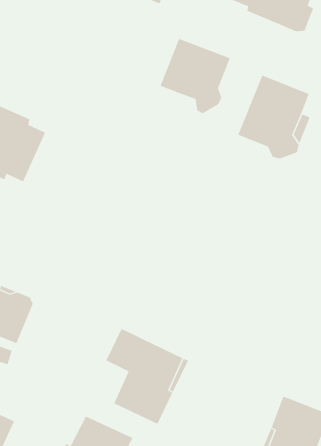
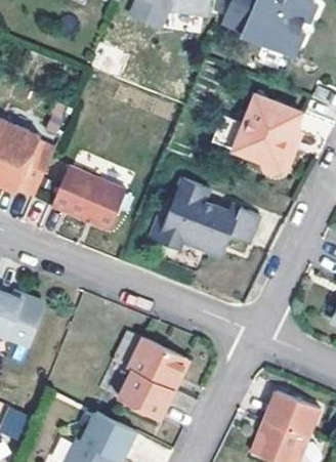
building: [160,38,230,114] -> none
building: none -> [53,165,128,229]
building: none -> [152,177,258,256]

